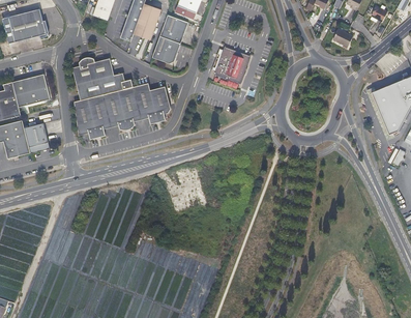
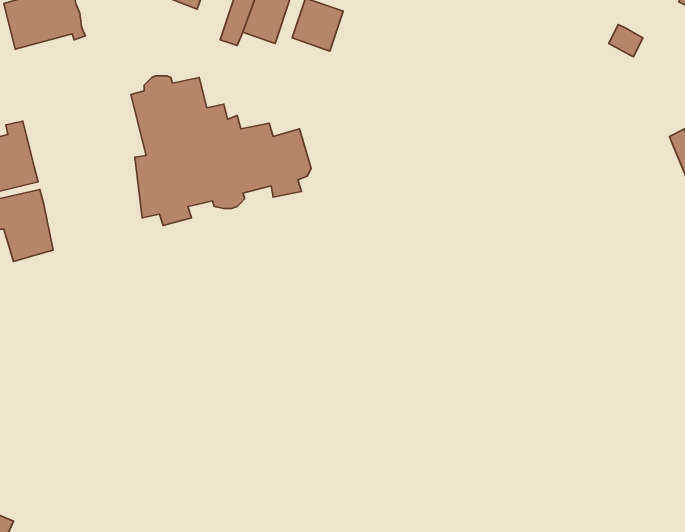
building: [153,36,181,63] -> none
building: [212,46,251,84] -> none
building: [13,75,51,107] -> none
building: [25,123,50,153] -> none

